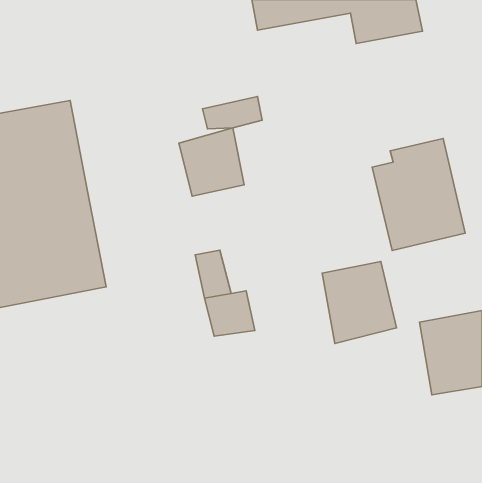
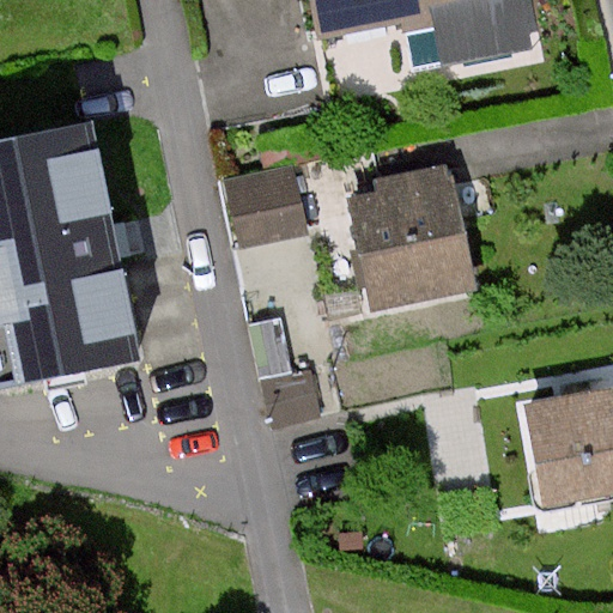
building: [372,139,465,250] -> [352,164,469,305]
building: [322,261,396,343] -> none

